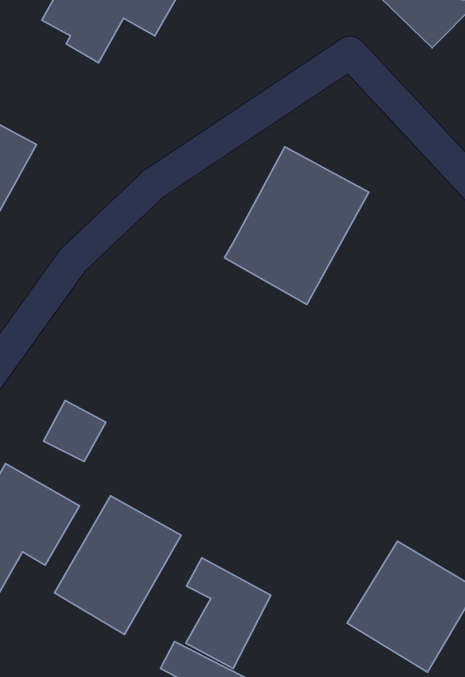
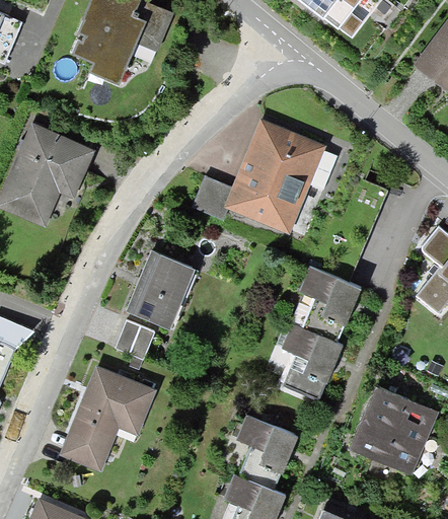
building: none -> [196,179,234,218]
building: none -> [128,251,194,326]
building: none -> [297,267,358,340]
building: none -> [283,328,343,401]
building: [54,496,181,635] -> none

